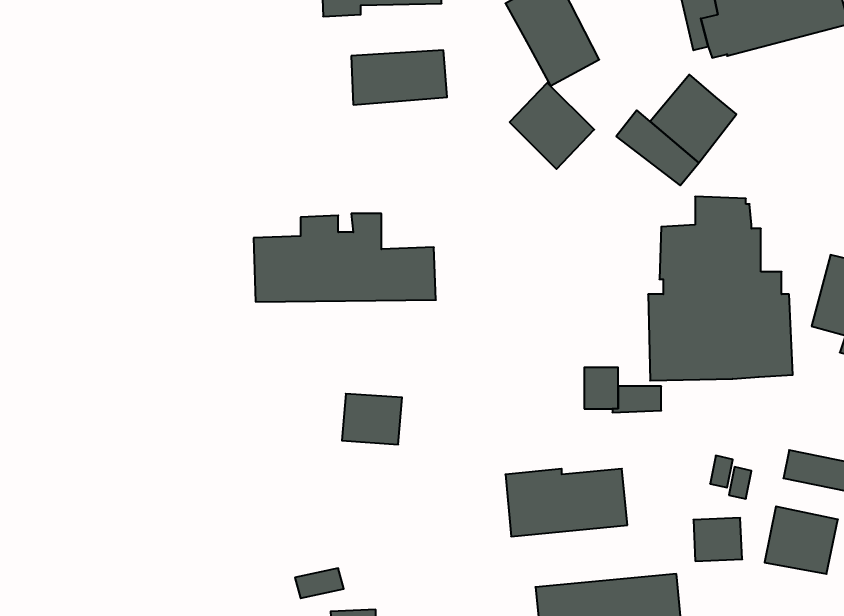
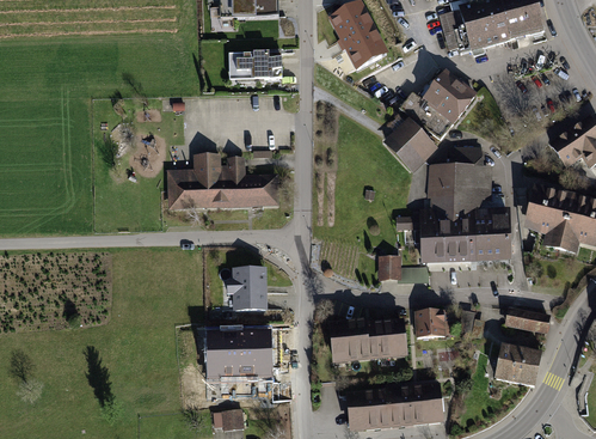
building: [510,83,594,169] -> [382,115,436,170]
building: none -> [205,329,270,377]
building: [693,518,742,561] -> [414,307,446,335]

